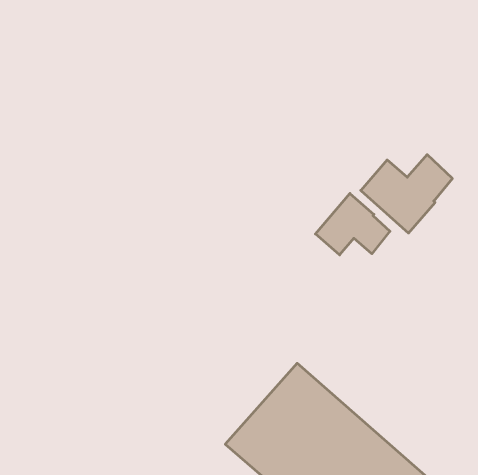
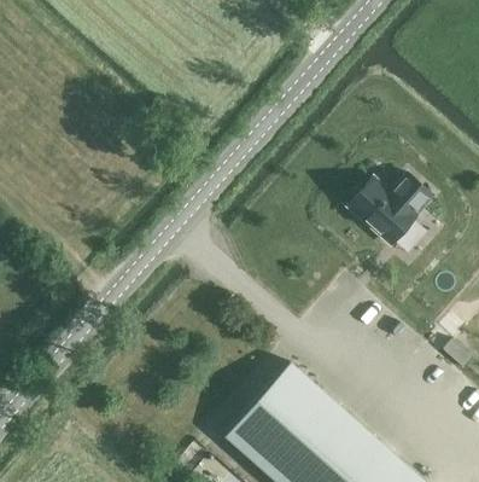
building: [315,193,390,255] -> none

